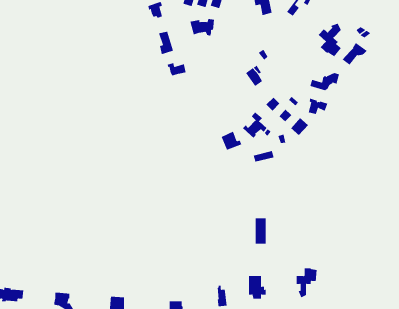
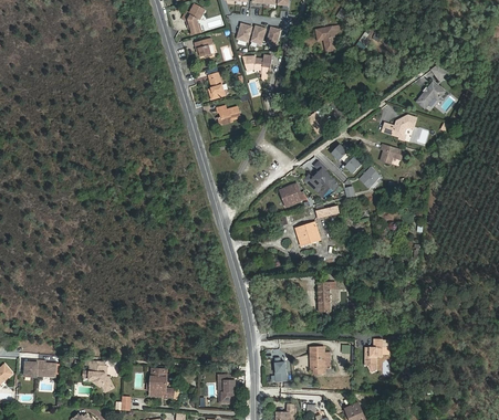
building: [318,23,341,57] -> none
building: none -> [294,221,321,246]

